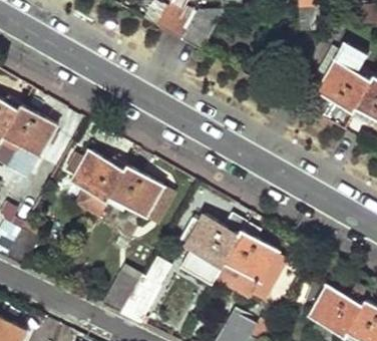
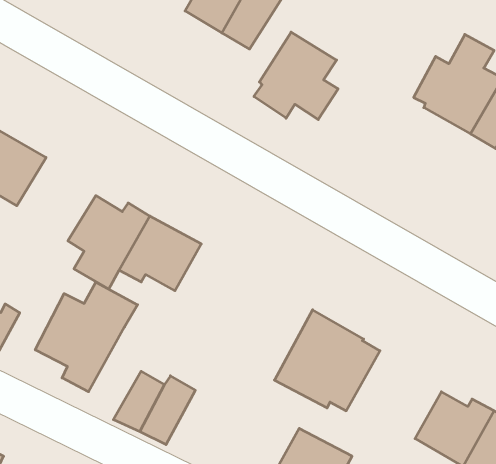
building: none -> [254,32,338,120]
building: none -> [35,282,138,392]
building: [178,215,240,287] -> none

